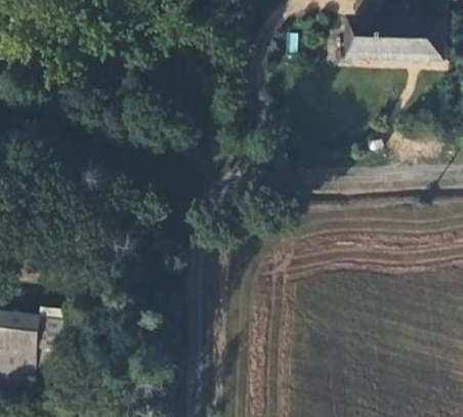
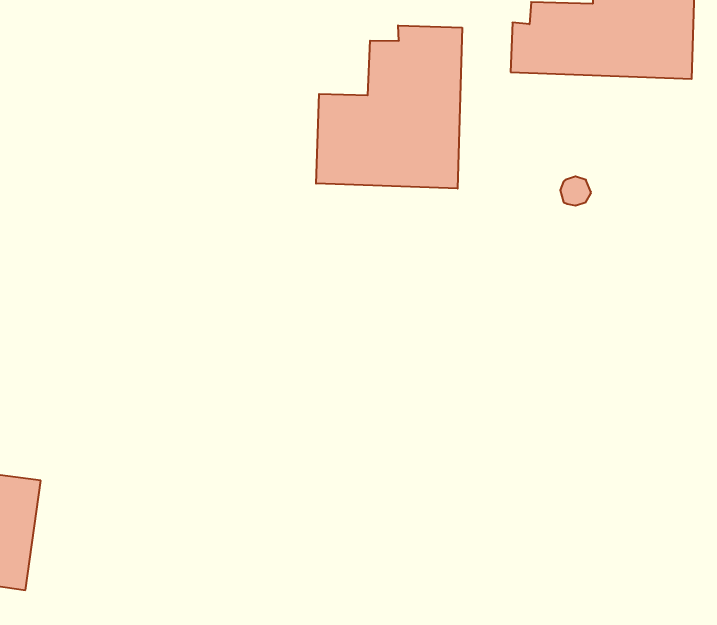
building: none -> [316,25,462,189]

